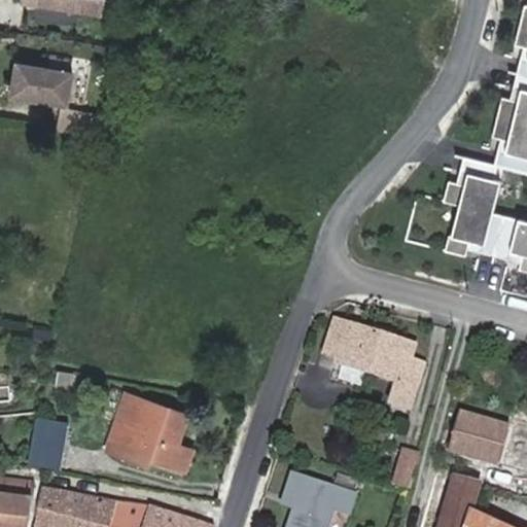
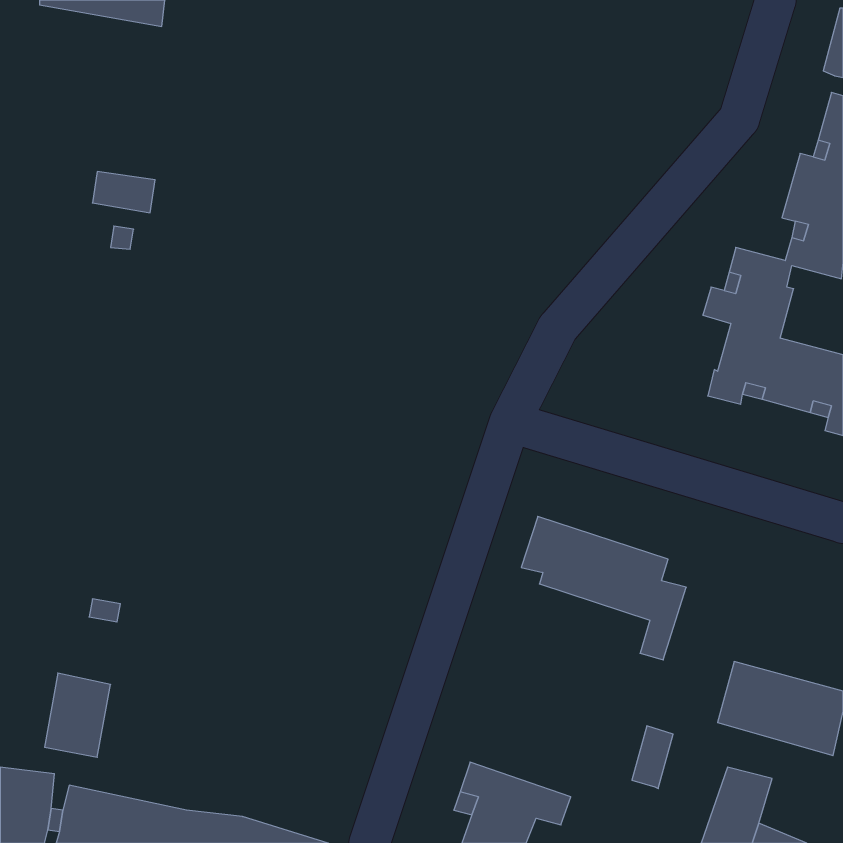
building: [8,56,69,97] -> none
building: [106,395,195,473] -> none

